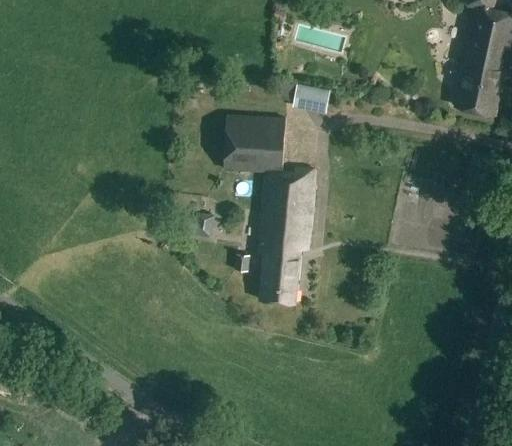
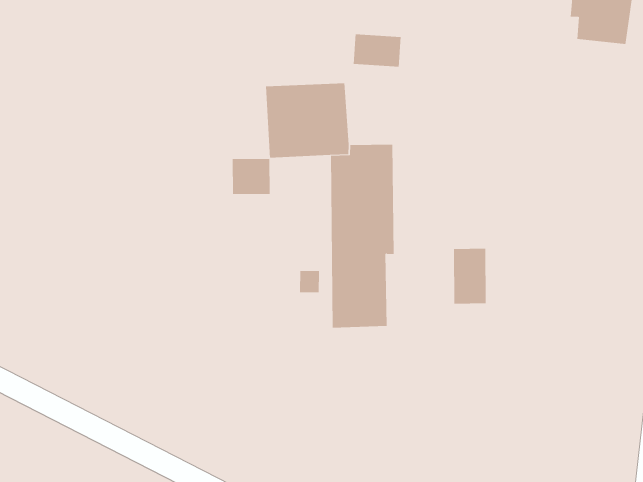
building: none -> [232,158,270,195]
building: none -> [453,248,486,304]

